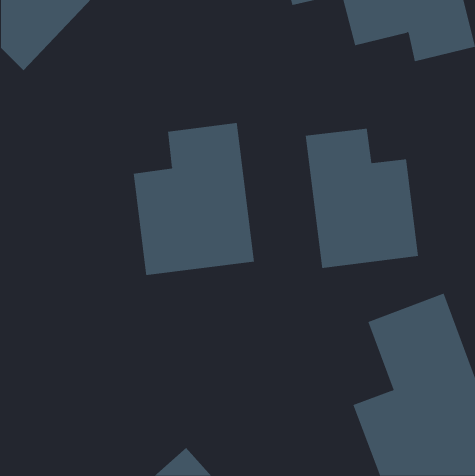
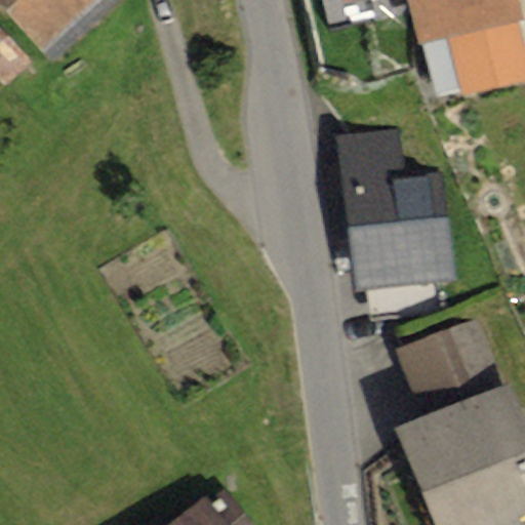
building: [133,122,255,276] -> none

